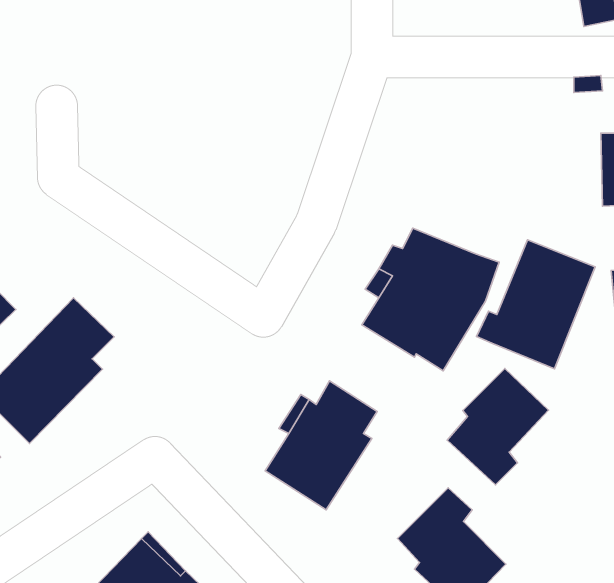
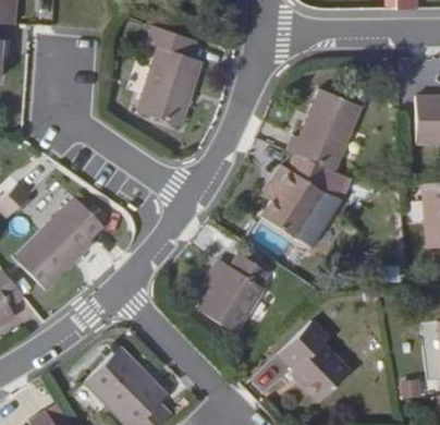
building: none -> [134,27,198,125]
building: [477,240,595,369] -> [283,86,359,169]
building: [447,368,548,485] -> none

